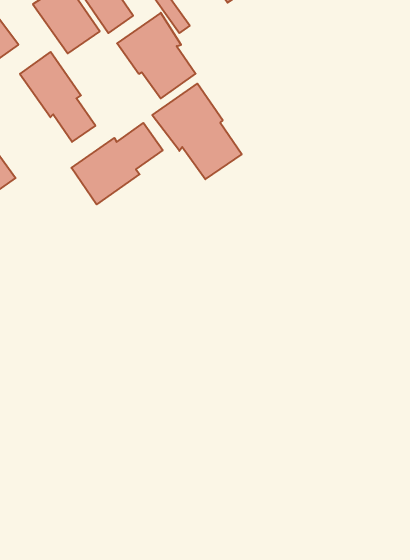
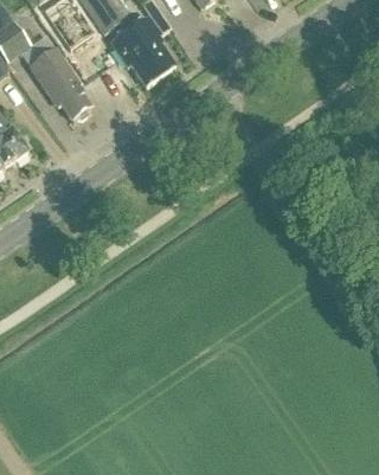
building: [152,84,242,179] -> none
building: [71,123,163,204] -> none

